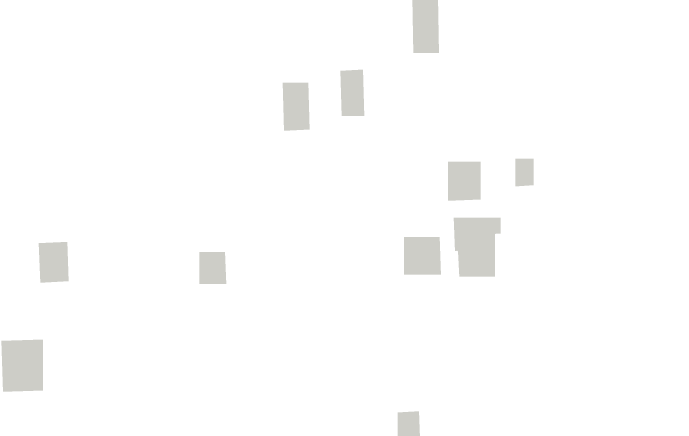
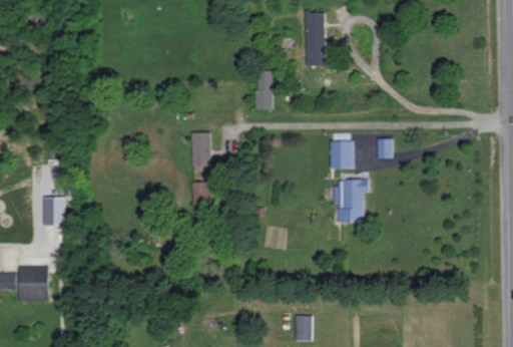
building: [282,82,311,131] -> [190,132,210,166]
building: [404,236,442,275] -> none
building: [199,251,227,284] -> [191,182,211,205]

